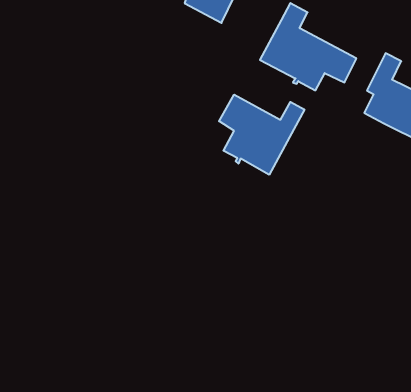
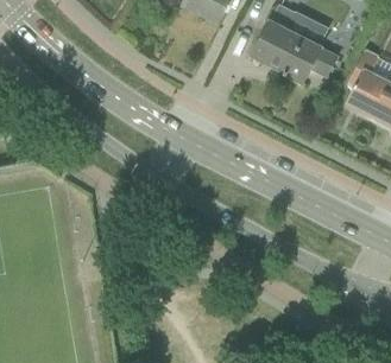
building: [219,95,304,175] -> none

